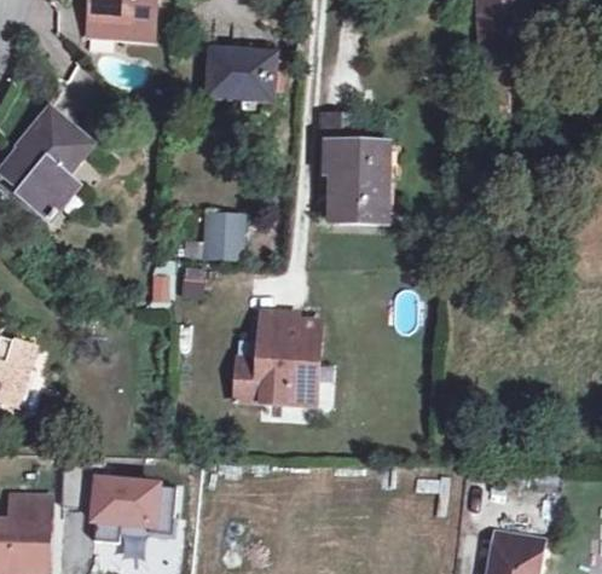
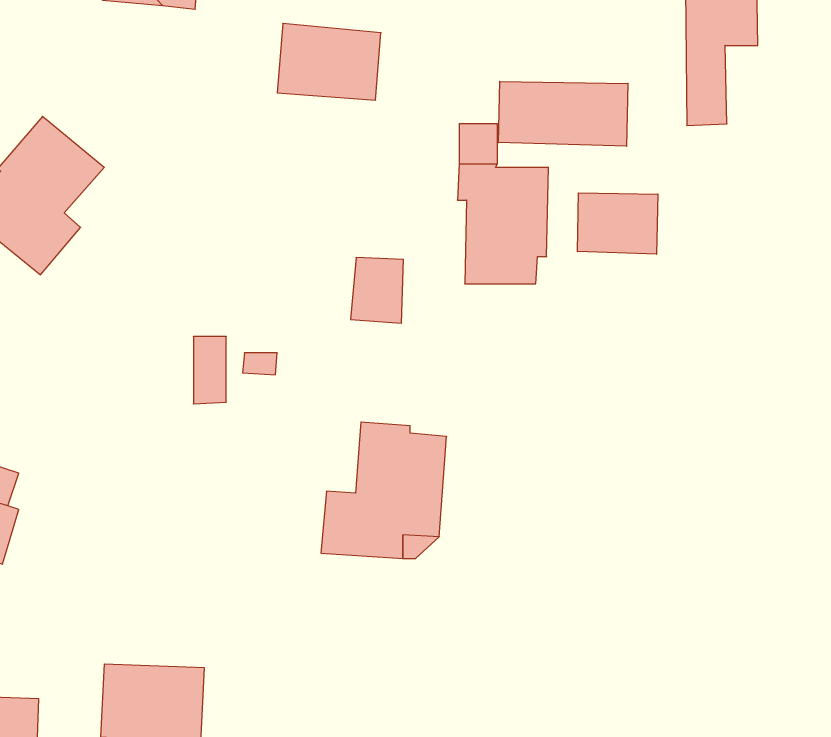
building: none -> [499,81,628,146]
building: none -> [577,193,658,254]
building: [206,215,241,259] -> [351,258,403,323]

